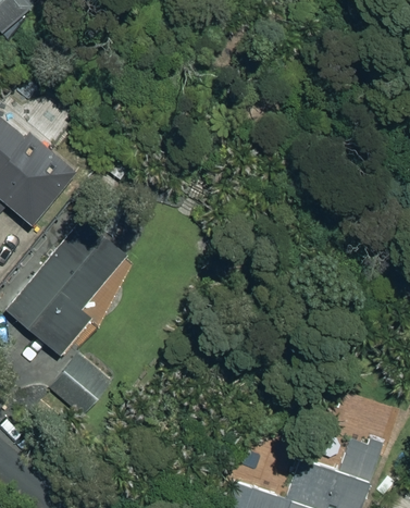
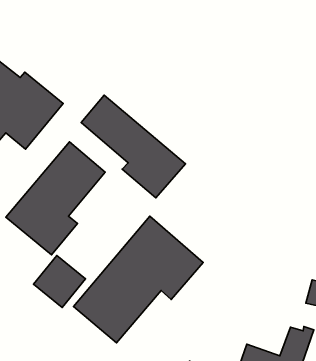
building: none -> [81,95,185,198]
building: none -> [74,216,203,343]

